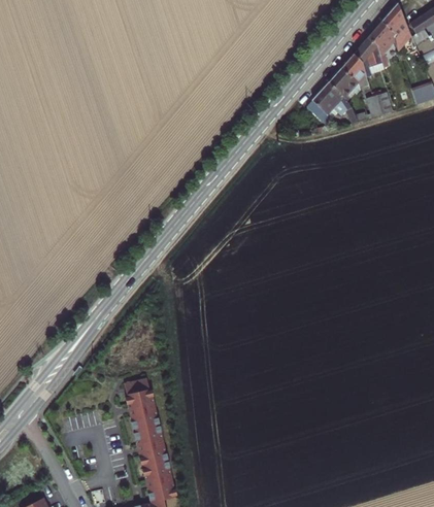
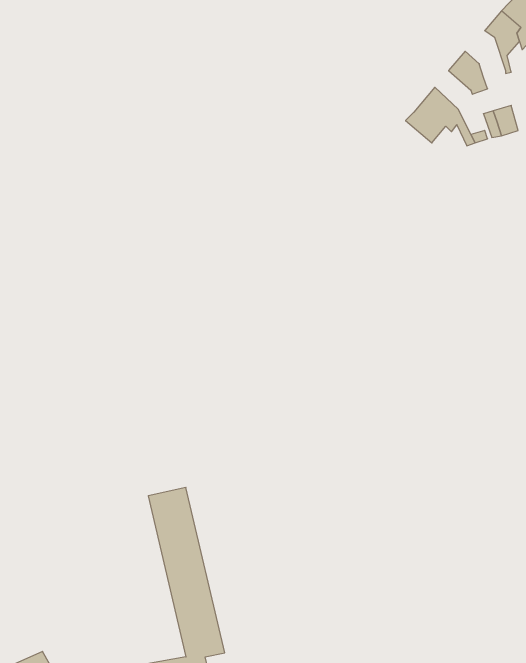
building: [356,36,386,71] -> none
building: [333,66,362,95] -> none

